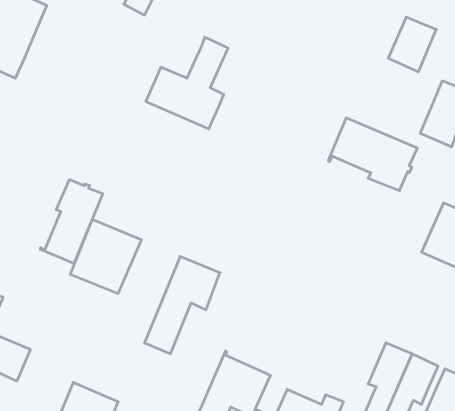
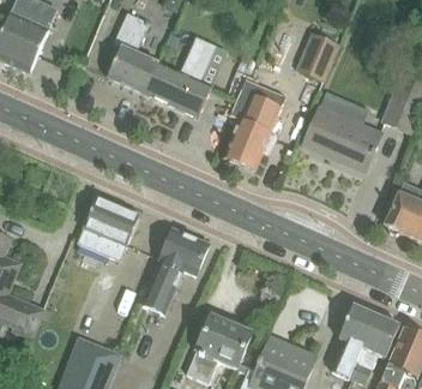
building: none -> [107,12,156,91]
building: [388,17,436,72] -> [295,31,337,79]
building: none -> [224,92,281,168]
building: [40,180,103,264] -> none

